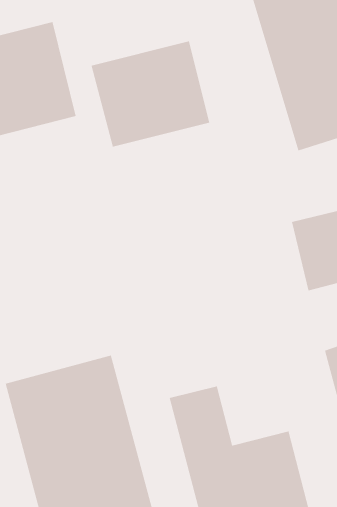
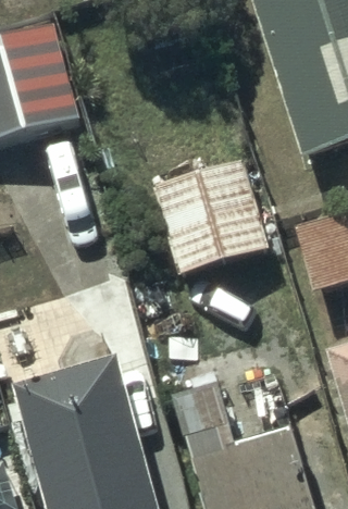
building: [91,40,210,148] -> none
building: none -> [156,158,270,272]

